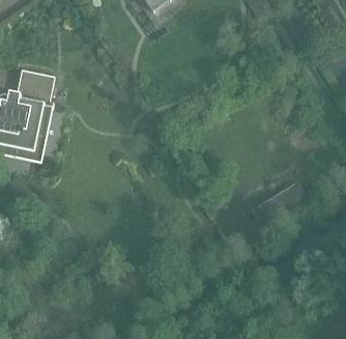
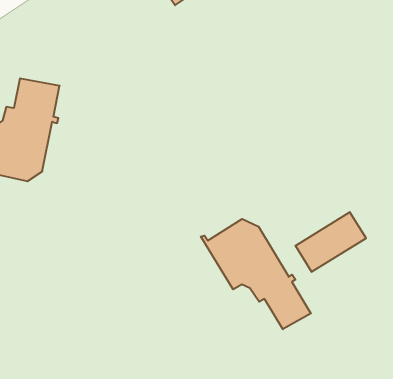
building: none -> [201,219,311,329]

